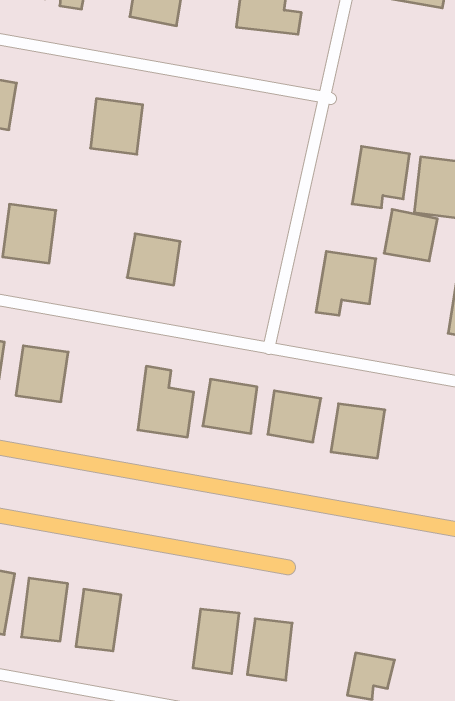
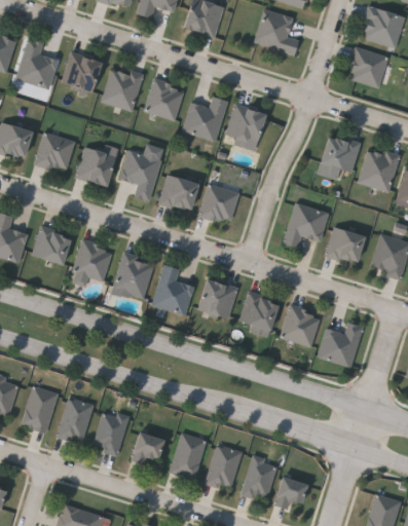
building: none -> [348,46,388,87]
building: none -> [103,67,144,111]
building: none -> [183,96,229,141]
building: none -> [227,104,266,148]
building: none -> [119,144,163,201]
building: [384,209,437,261] -> [326,226,365,264]
building: none -> [199,183,240,224]
building: none -> [114,253,155,298]
building: none -> [319,322,363,367]
building: none -> [128,430,163,464]
building: none -> [240,455,276,499]

